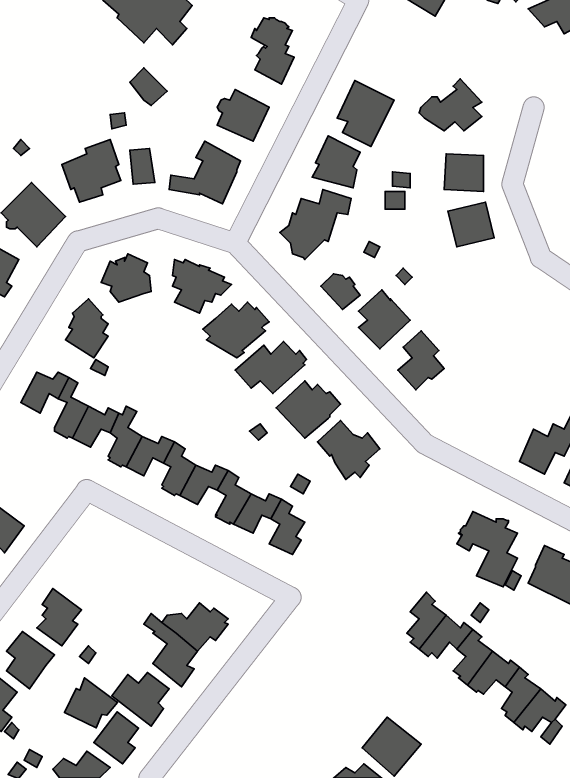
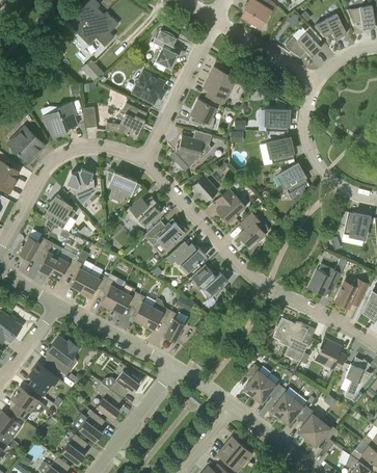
building: [419,79,482,131] -> [285,26,321,56]
building: none -> [277,163,307,193]
building: none -> [47,336,79,375]
building: [65,678,117,728] -> none

